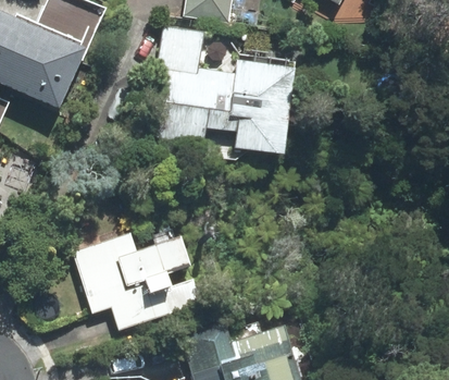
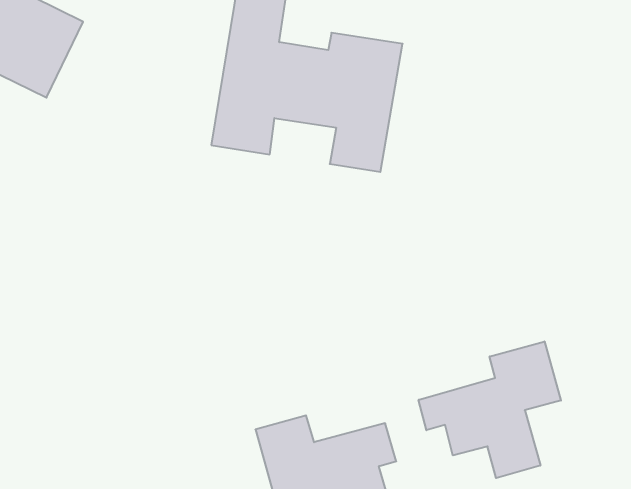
building: [78,234,164,323] -> none
building: none -> [419,341,561,478]

